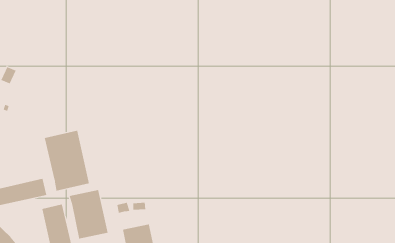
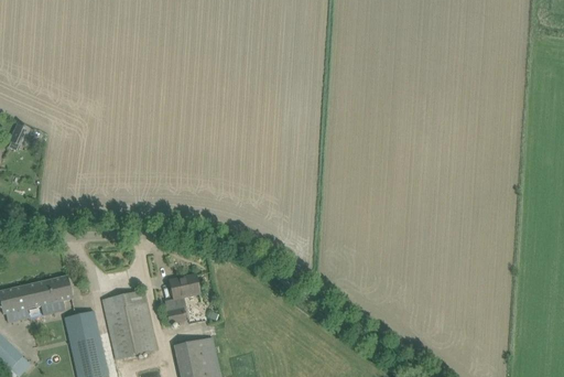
building: [44,130,89,192] -> none
building: none -> [169,273,198,298]

